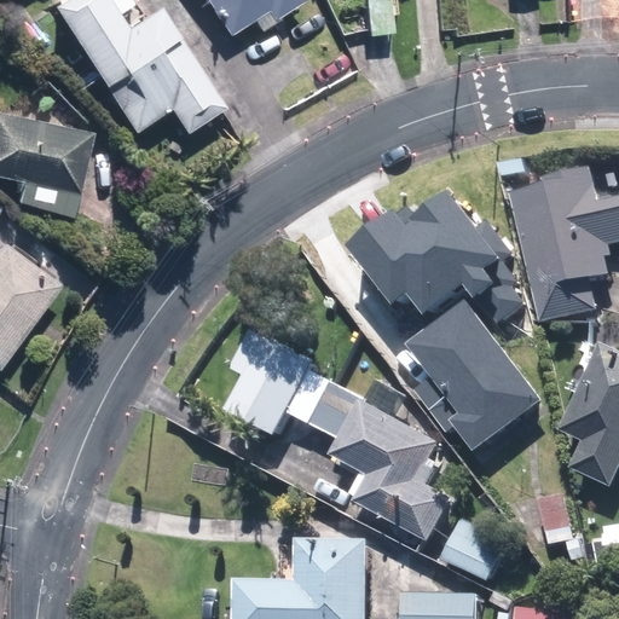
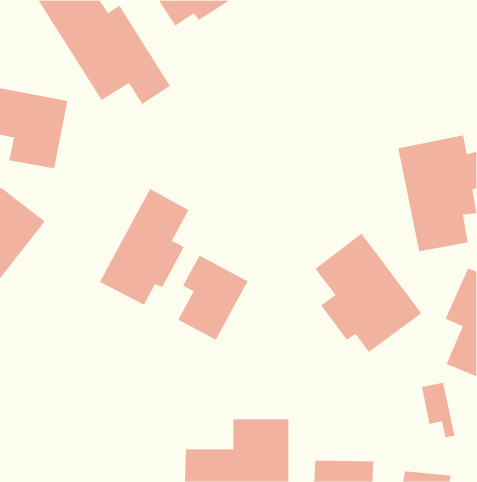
building: [349,191,519,319] -> none
building: none -> [99,188,189,306]
building: [290,371,455,540] -> none
building: [439,516,507,580] -> none

